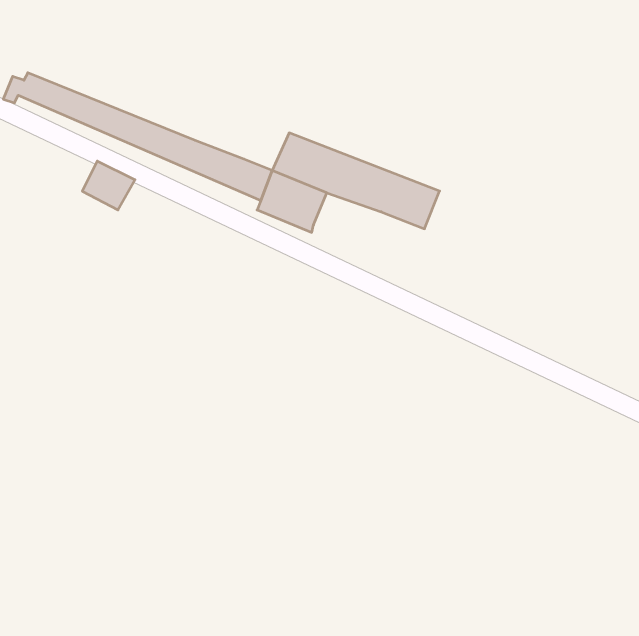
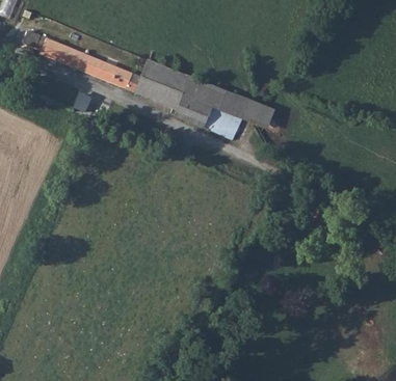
building: none -> [138,55,190,94]
building: none -> [204,107,241,137]

